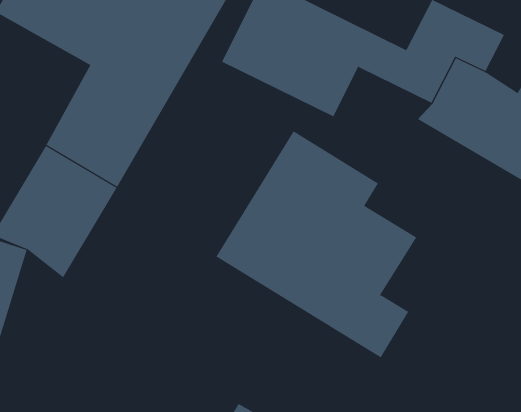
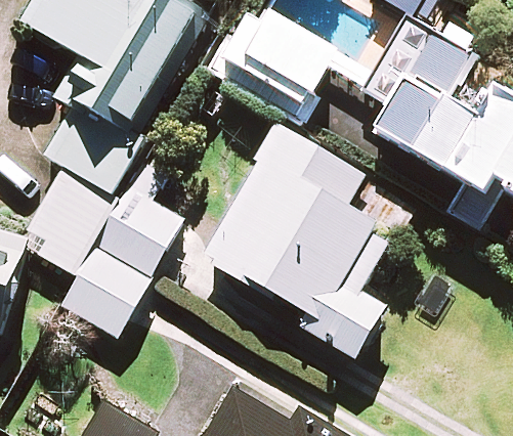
building: none -> [54,192,173,340]

